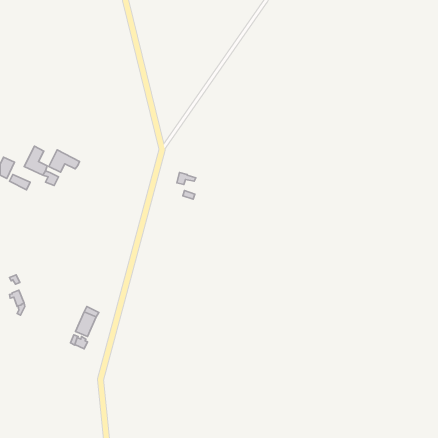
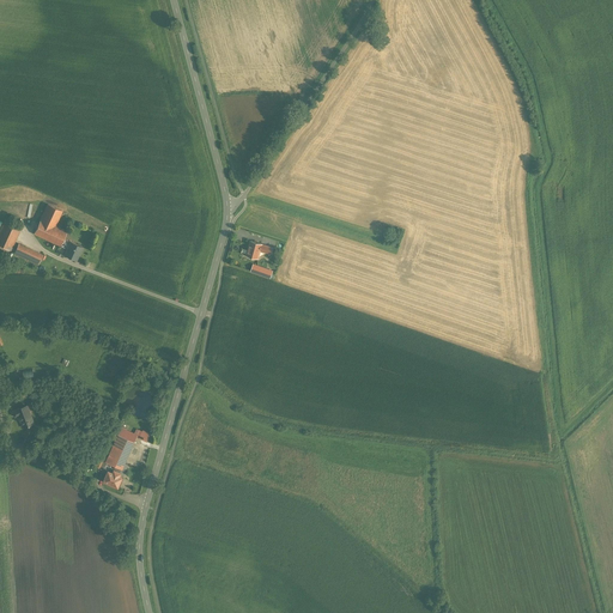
building: [49,150,79,172] -> none

